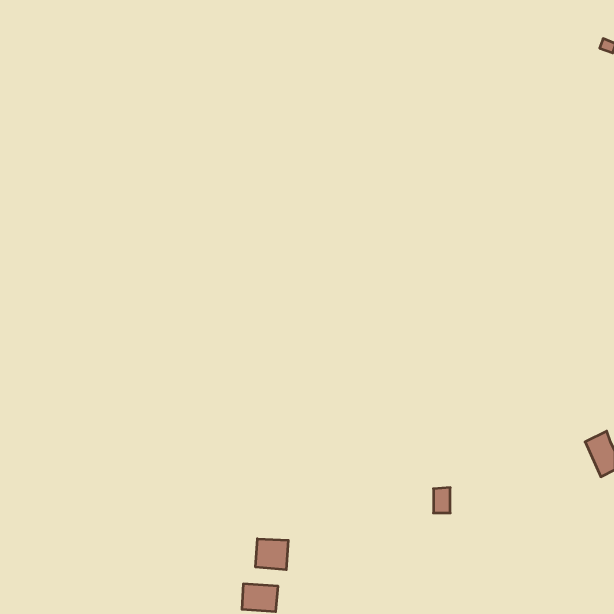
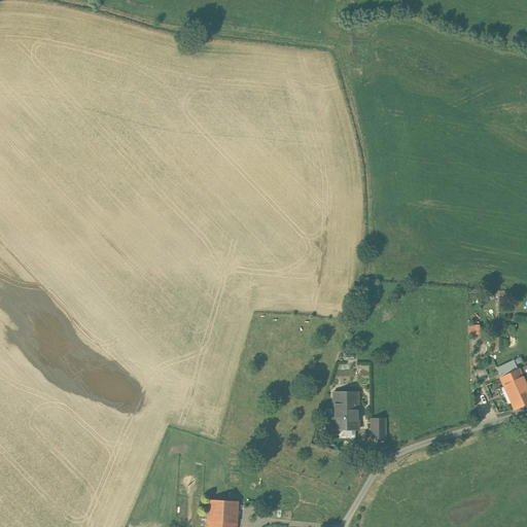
building: none -> [335,391,359,429]
building: [256,539,288,570] -> none

